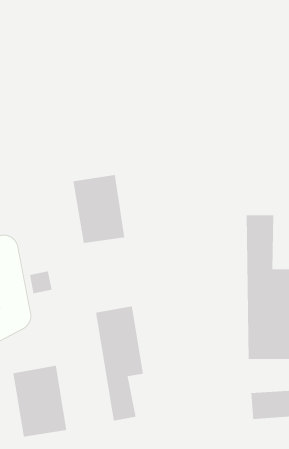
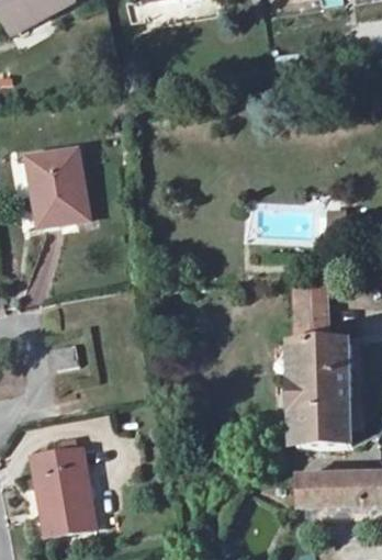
building: [72,174,125,244] -> [30,148,89,226]
building: [95,306,144,421] -> none

